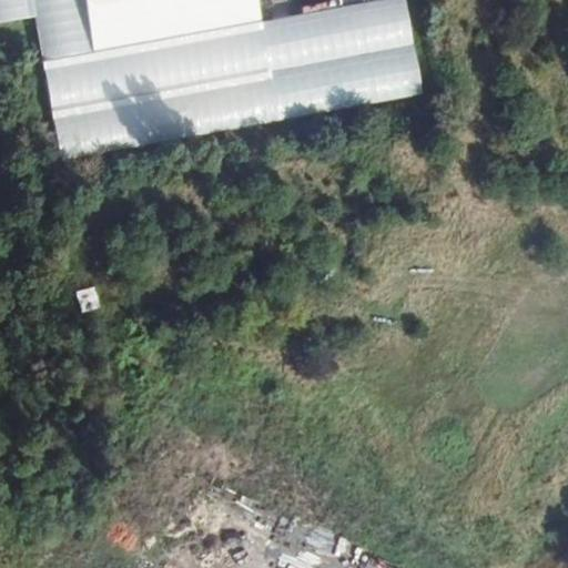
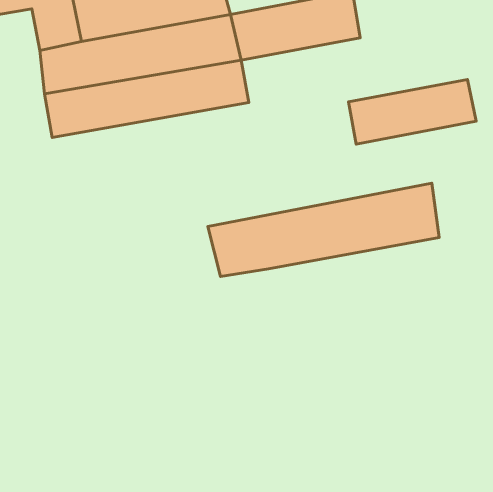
building: [276,43,423,118] -> [348,79,476,144]
building: none -> [208,183,439,276]

